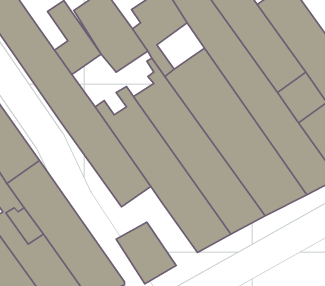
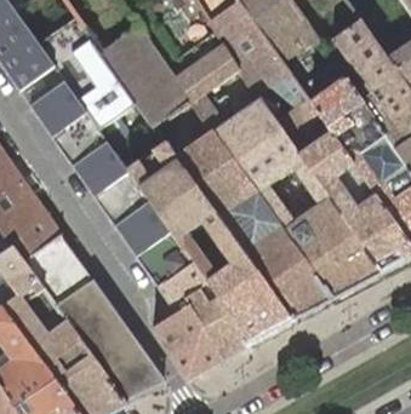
building: none -> [184,283,250,357]

